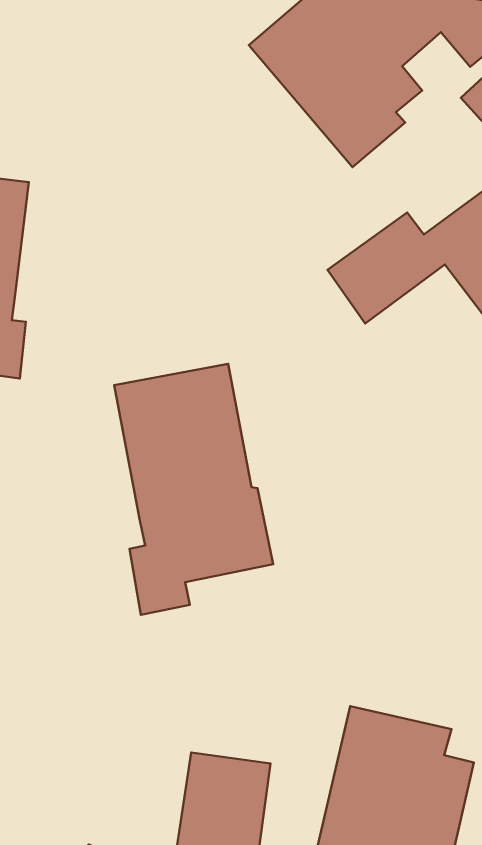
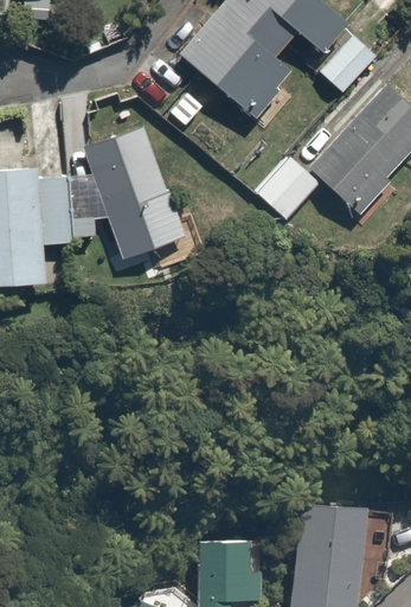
building: none -> [69,124,195,263]
building: [114,364,273,615] -> none

